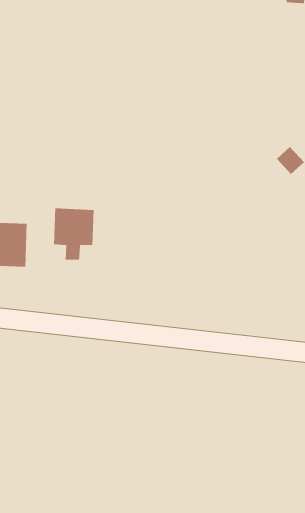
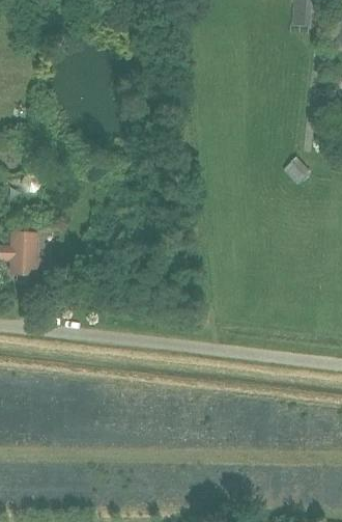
building: [53,207,94,261] -> none

